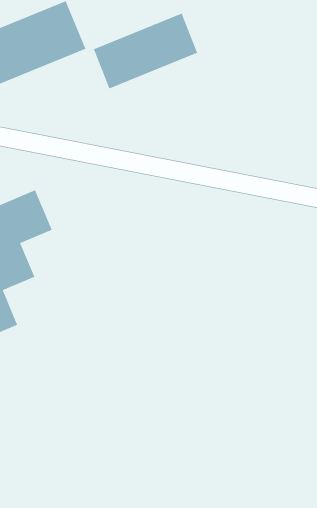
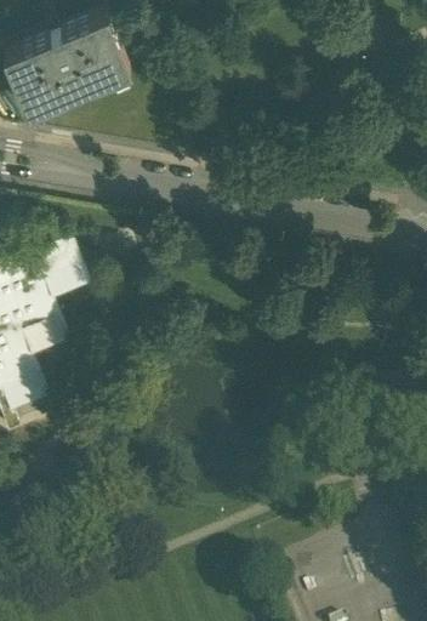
building: [93,13,198,89] -> none

